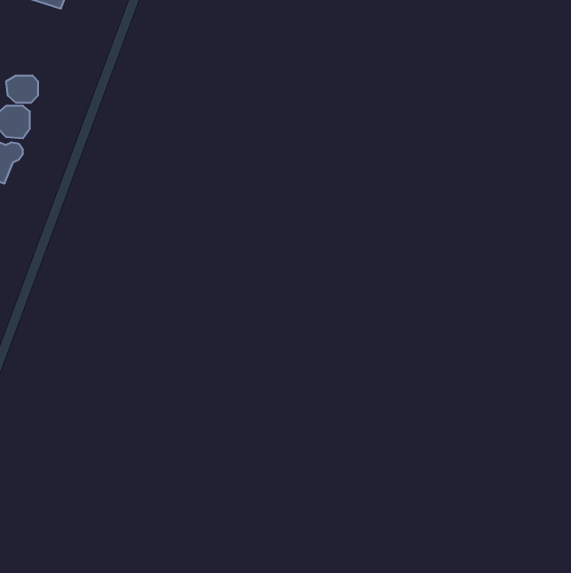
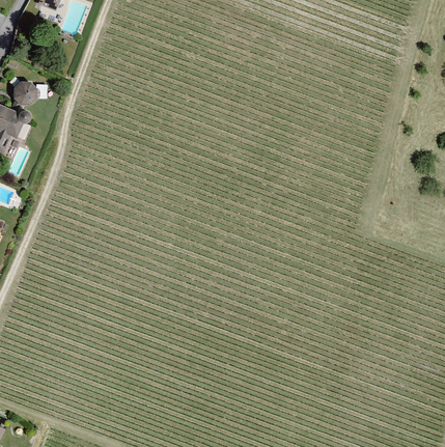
building: [6,75,38,103] -> none

